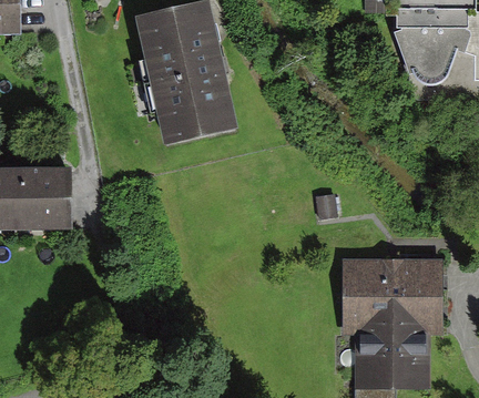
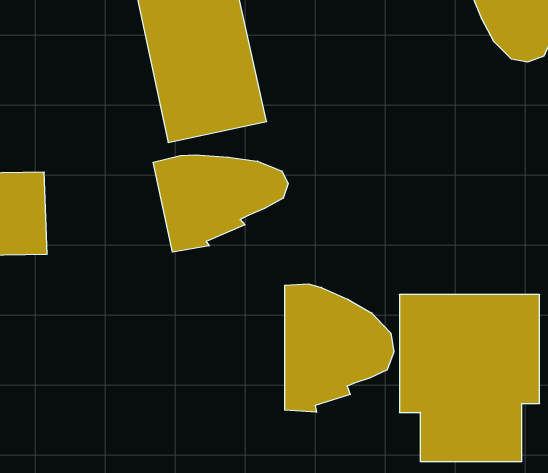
building: none -> [153,155,288,252]
building: none -> [285,284,394,412]

